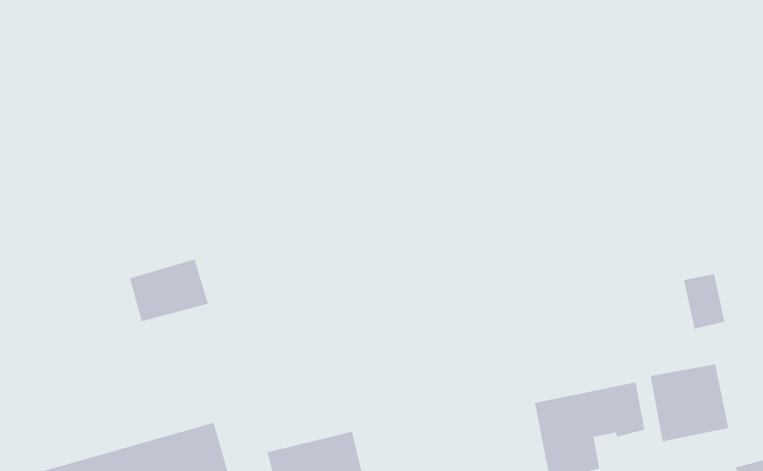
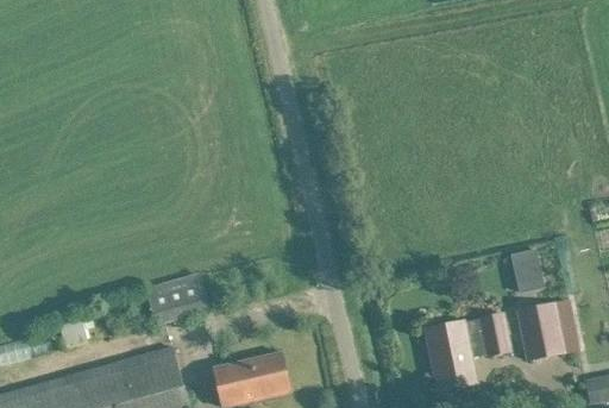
building: [129,259,209,322] -> [146,274,209,324]
building: [683,274,725,329] -> [510,251,544,295]

